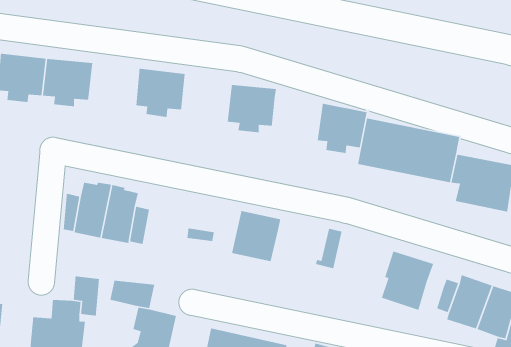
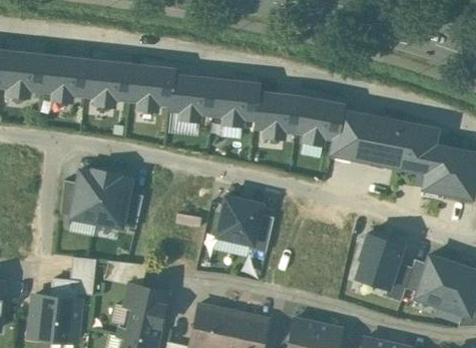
building: none -> [85,60,131,106]
building: none -> [170,70,216,121]
building: none -> [255,92,301,138]
building: [315,228,342,269] -> [249,215,274,253]
building: none -> [385,263,412,302]

